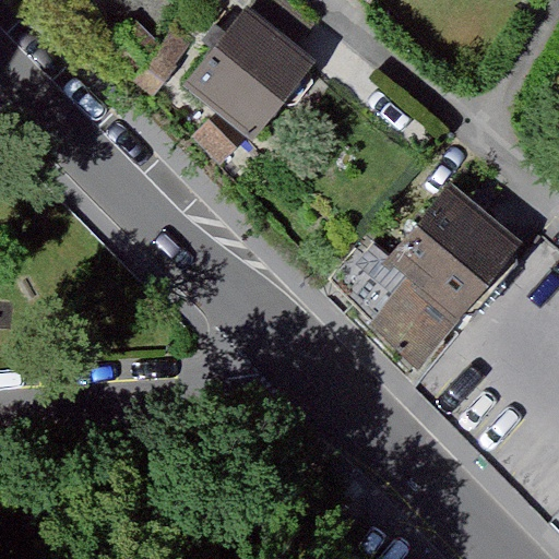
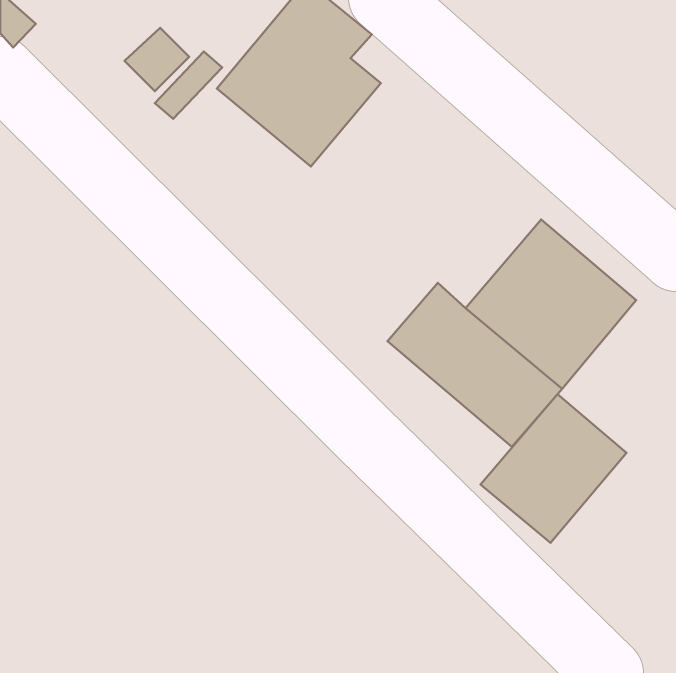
building: none -> [481,394,626,543]

